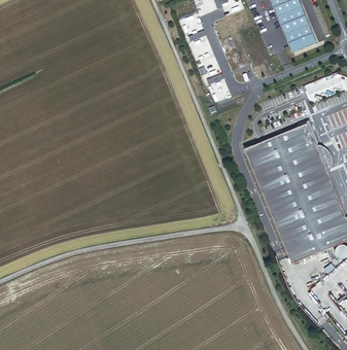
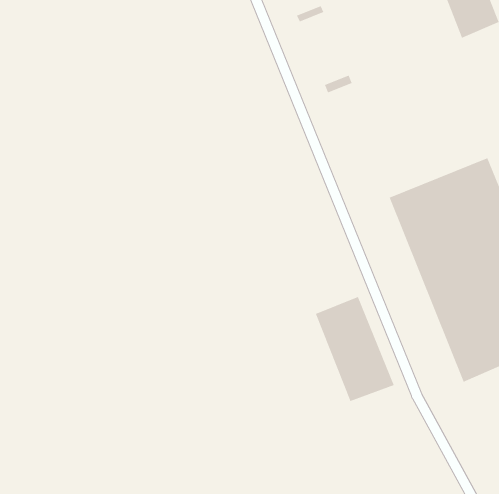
building: none -> [315,296,395,402]

